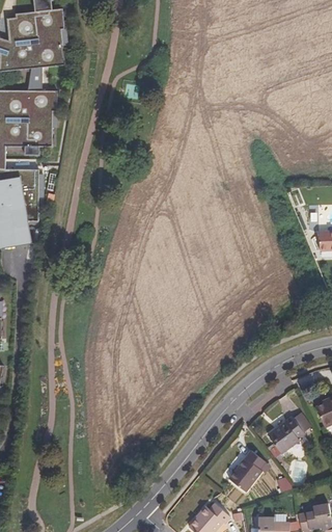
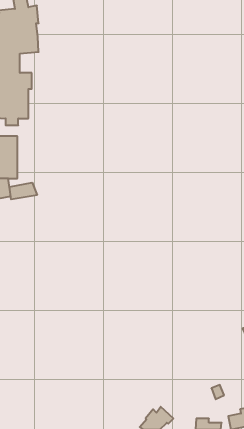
building: none -> [10,183,37,199]
building: [266,416,303,453] -> none
building: [227,450,265,491] -> none

